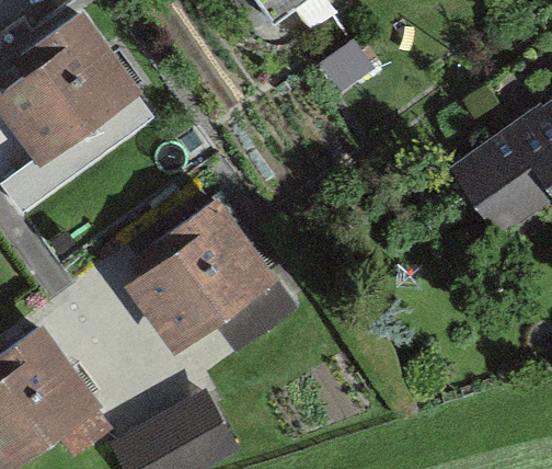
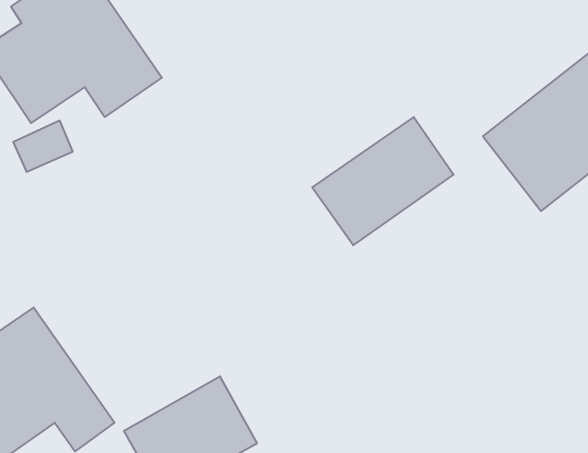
building: none -> [312,117,454,245]
building: [126,194,297,354] -> none

